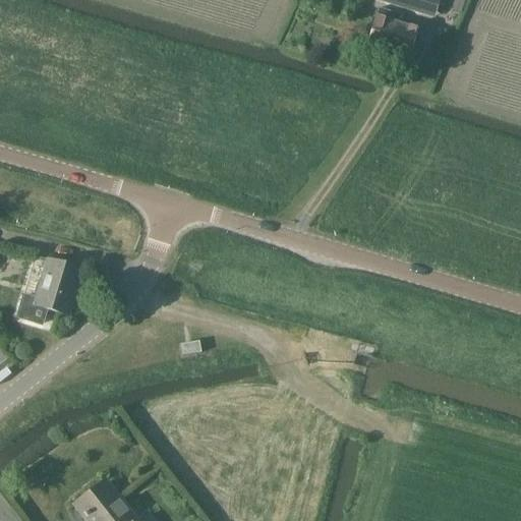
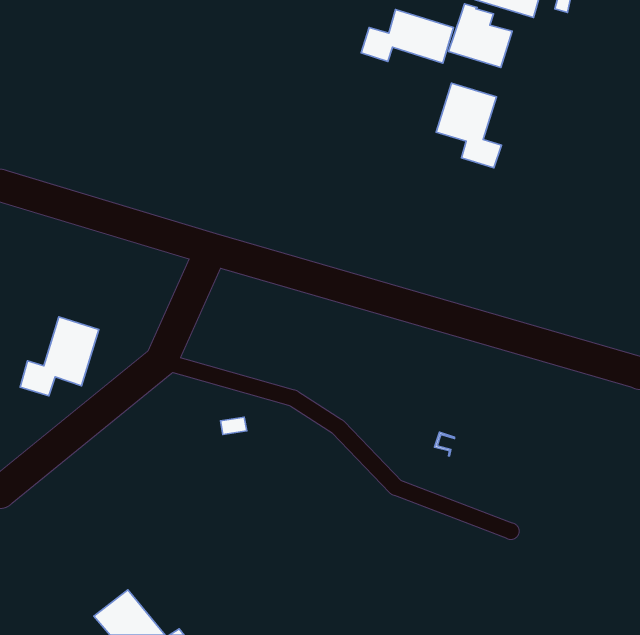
building: none -> [361,10,454,63]
building: none -> [436,83,502,168]

